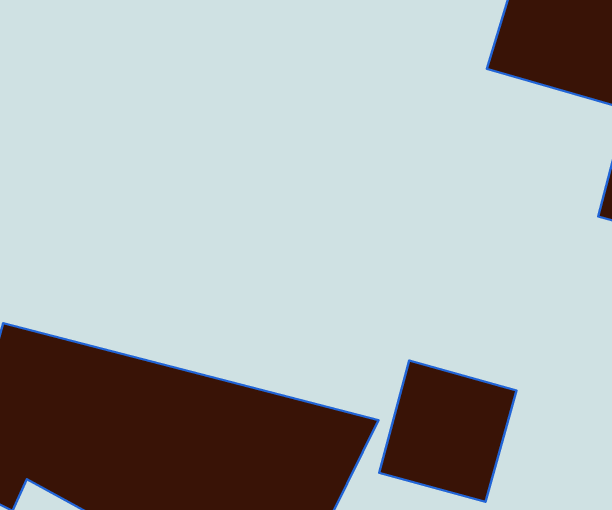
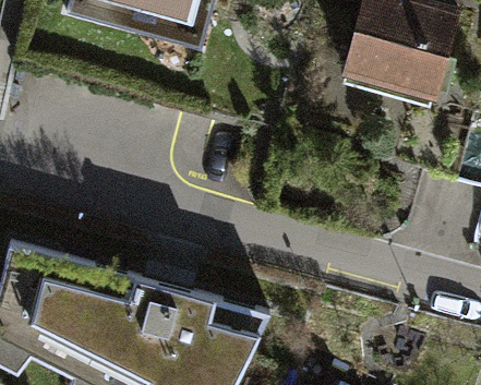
building: [379,361,517,502] -> none

